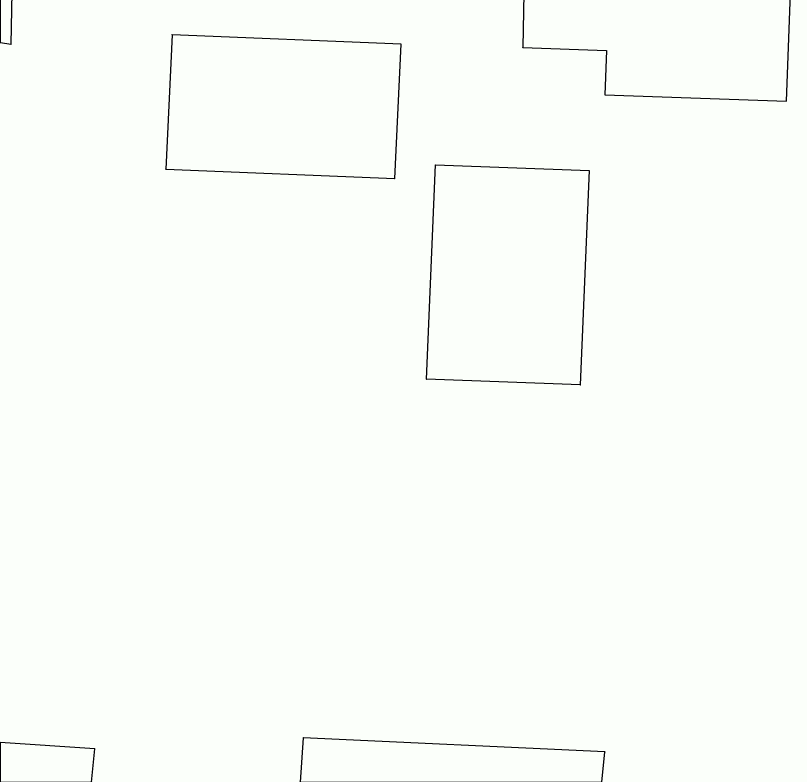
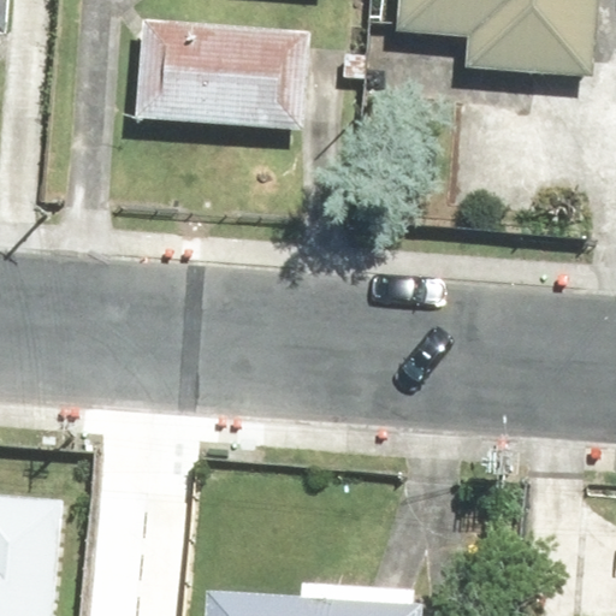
building: [427,165,589,385] -> none

